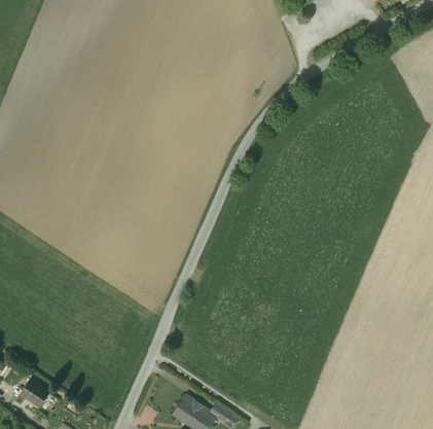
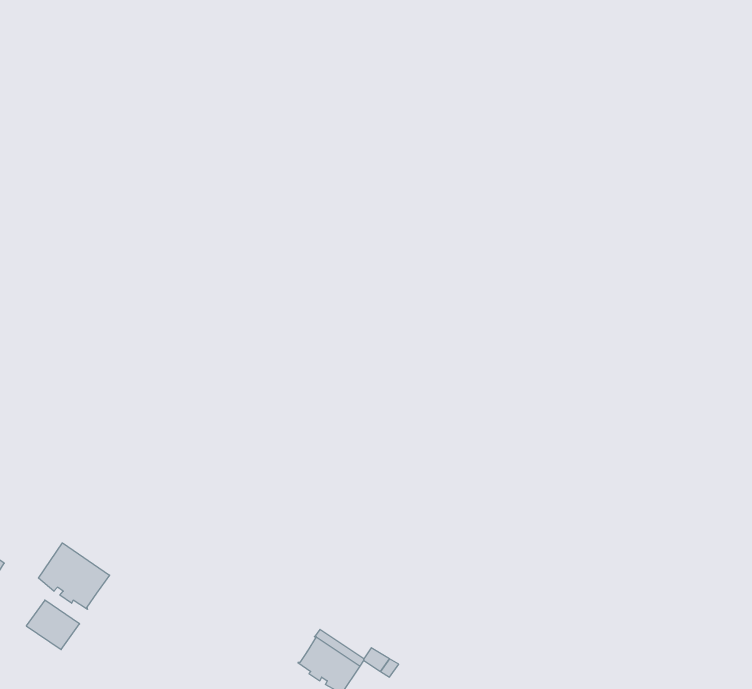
building: none -> [38,543,110,609]

